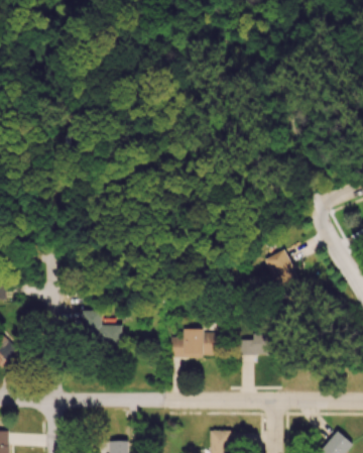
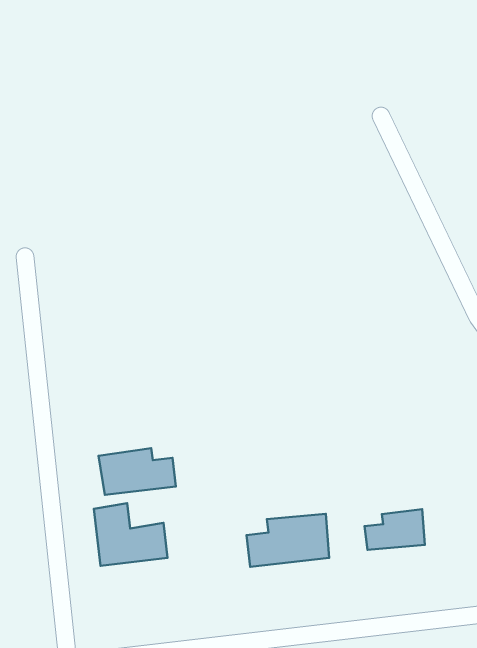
building: [265,249,299,293] -> none
building: none -> [99,448,176,495]

